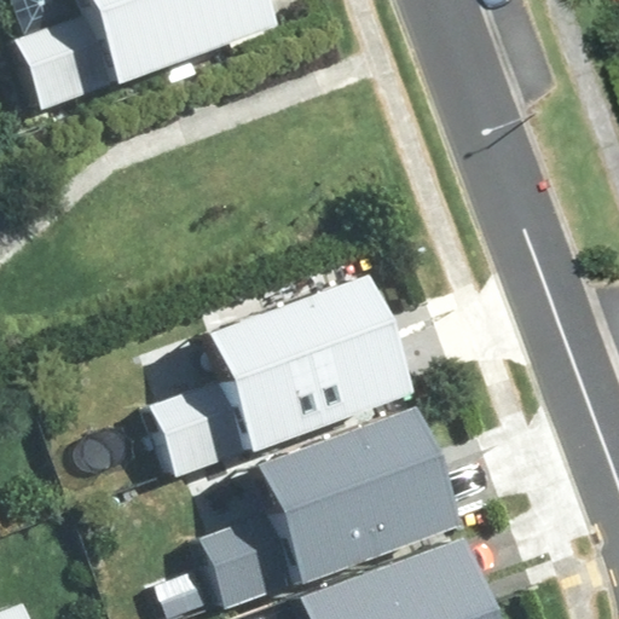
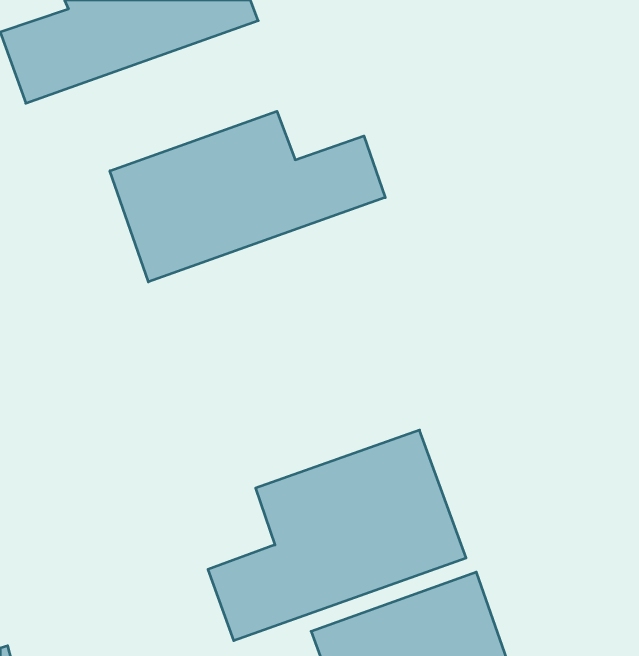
building: none -> [110,111,385,282]
building: [157,276,399,473] -> none

